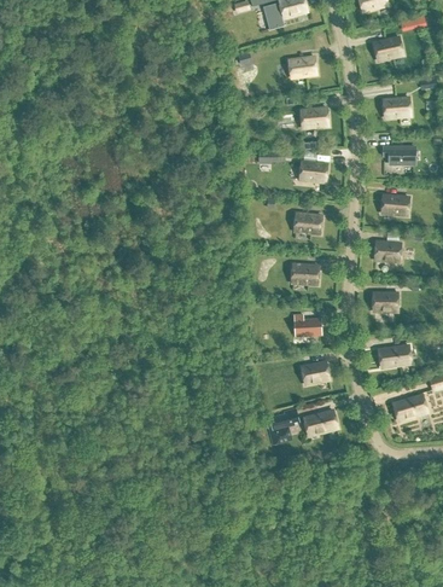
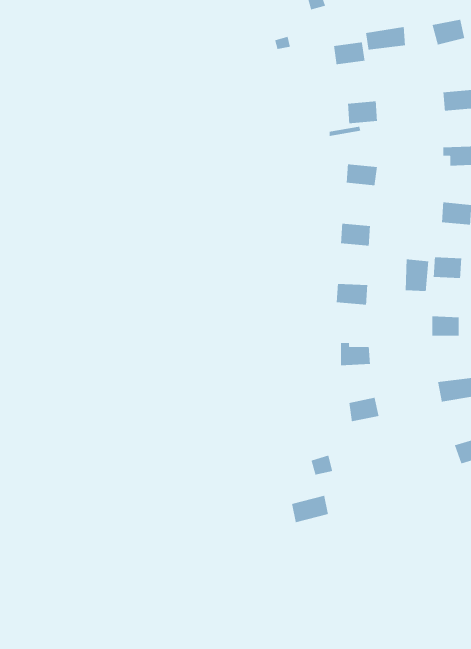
building: none -> [365,26,406,51]
building: none -> [405,258,429,292]
building: [304,409,337,434] -> [291,495,329,523]

